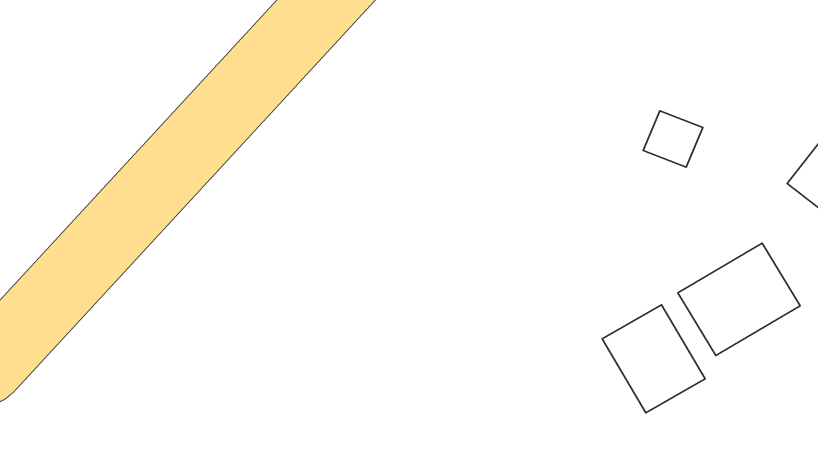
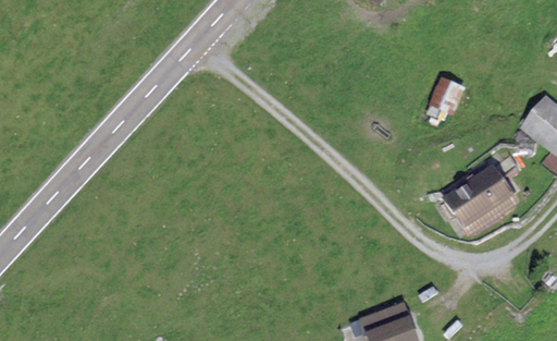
building: [602,305,705,413] -> none

